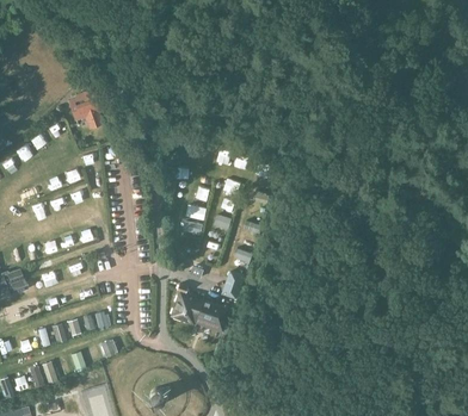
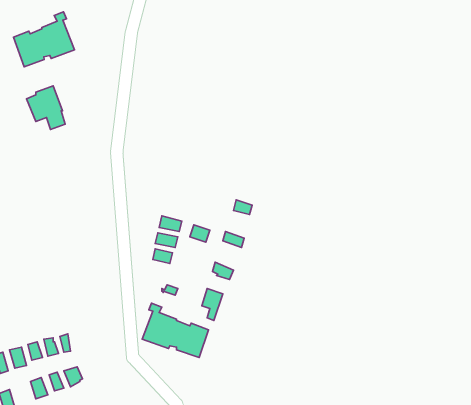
building: none -> [14,12,75,67]

